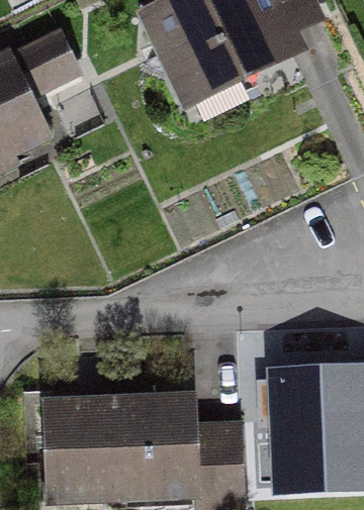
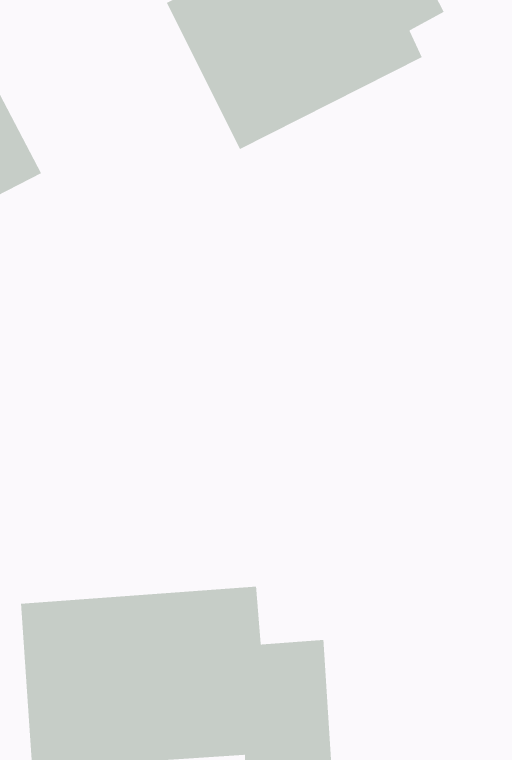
building: [266,366,357,476] -> none

